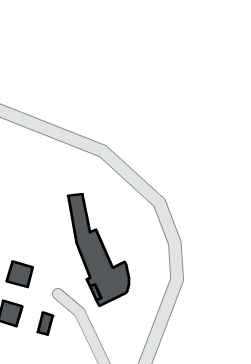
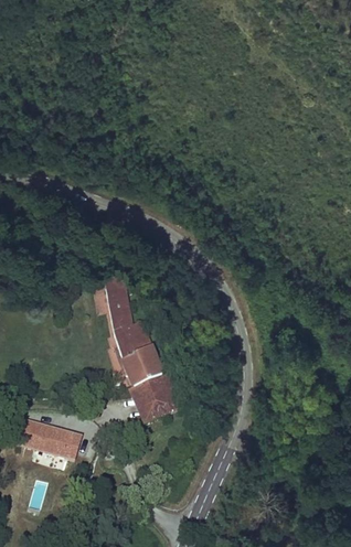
building: [7,262,33,287] -> [36,423,71,457]

